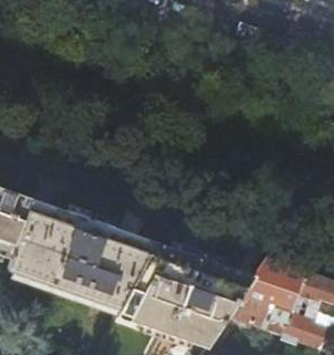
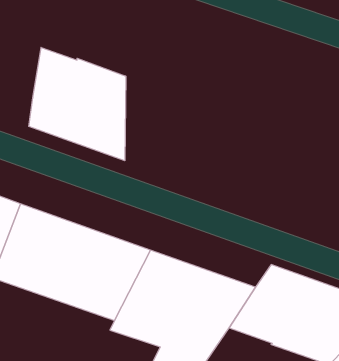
building: none -> [29,47,126,161]

